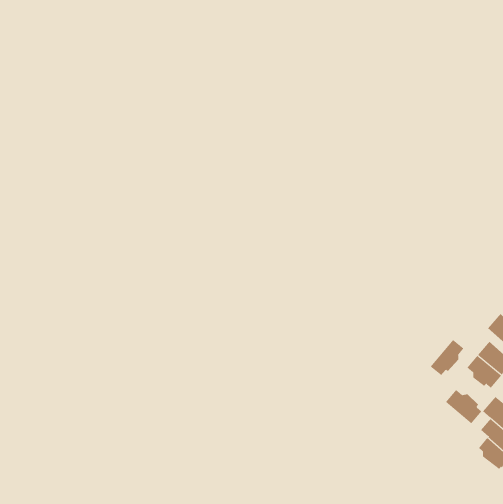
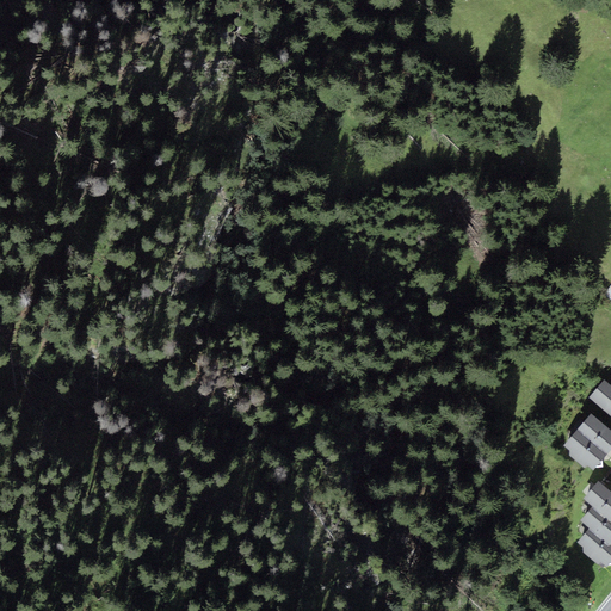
building: [430,339,464,376] -> none
building: [445,389,482,424] -> none

